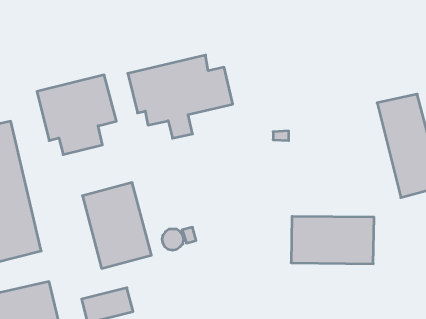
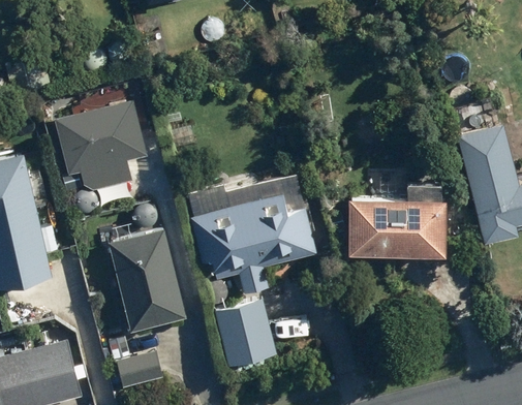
building: [128,55,233,138] -> [190,194,314,292]
building: [291,216,374,264] -> [347,198,446,254]
building: none -> [215,299,277,365]

